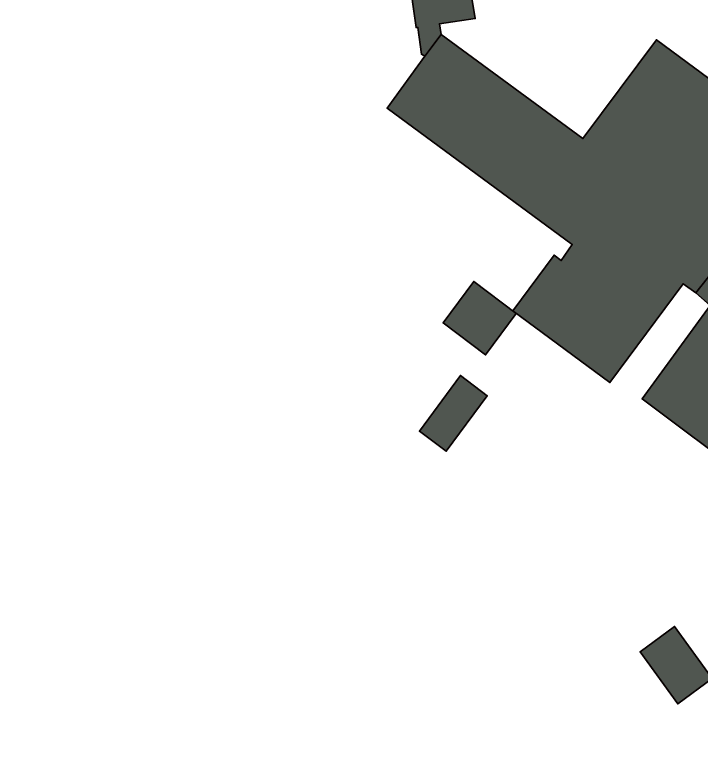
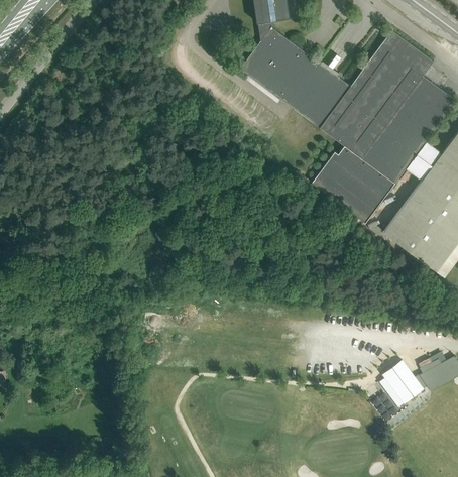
building: [443,282,516,355] -> none
building: [419,376,487,451] -> none

